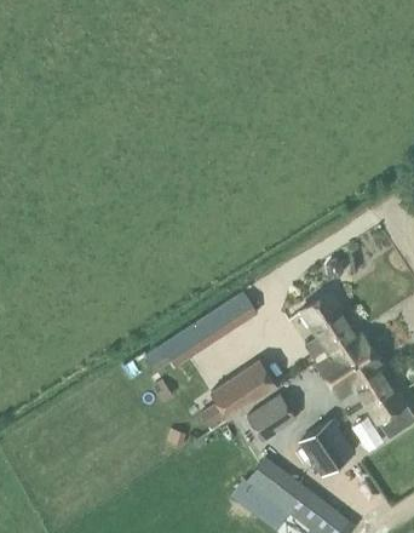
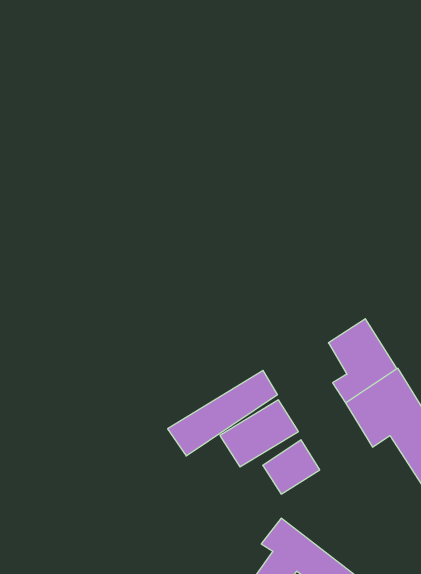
building: [160,294,253,367] -> [168,370,277,456]
building: [298,420,352,475] -> none

